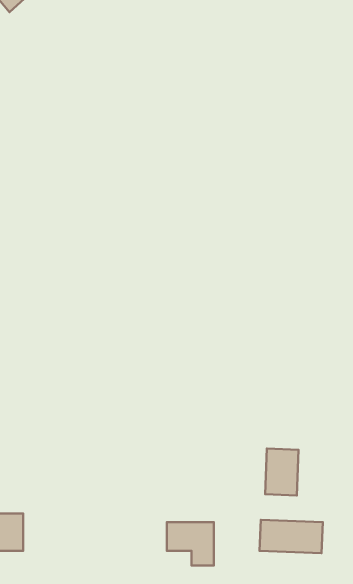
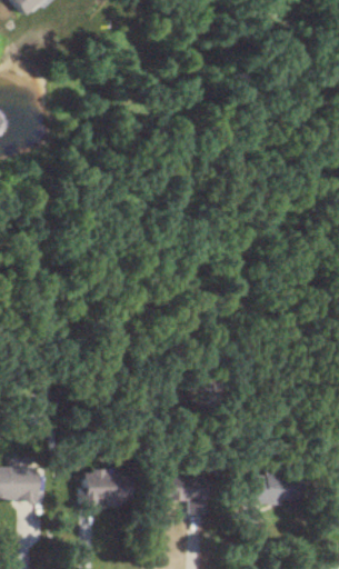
building: [265,448,299,496] -> none
building: none -> [80,471,129,506]

